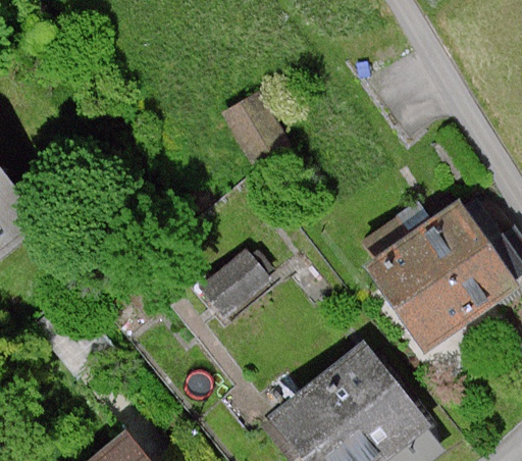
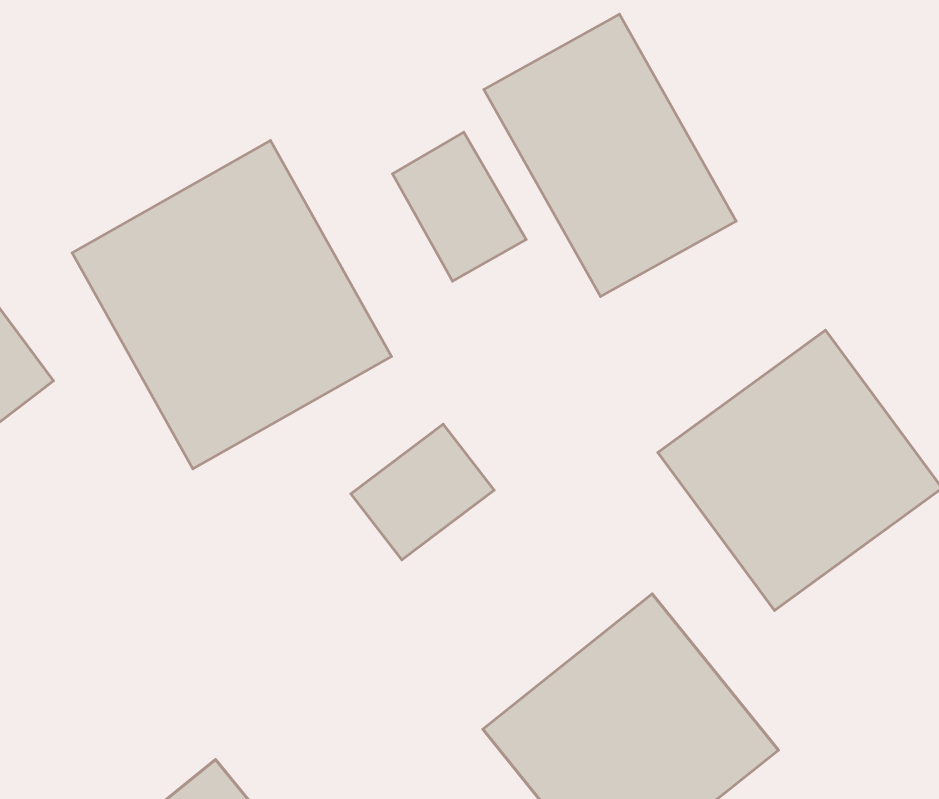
building: none -> [484,14,736,297]
building: none -> [72,141,391,469]

